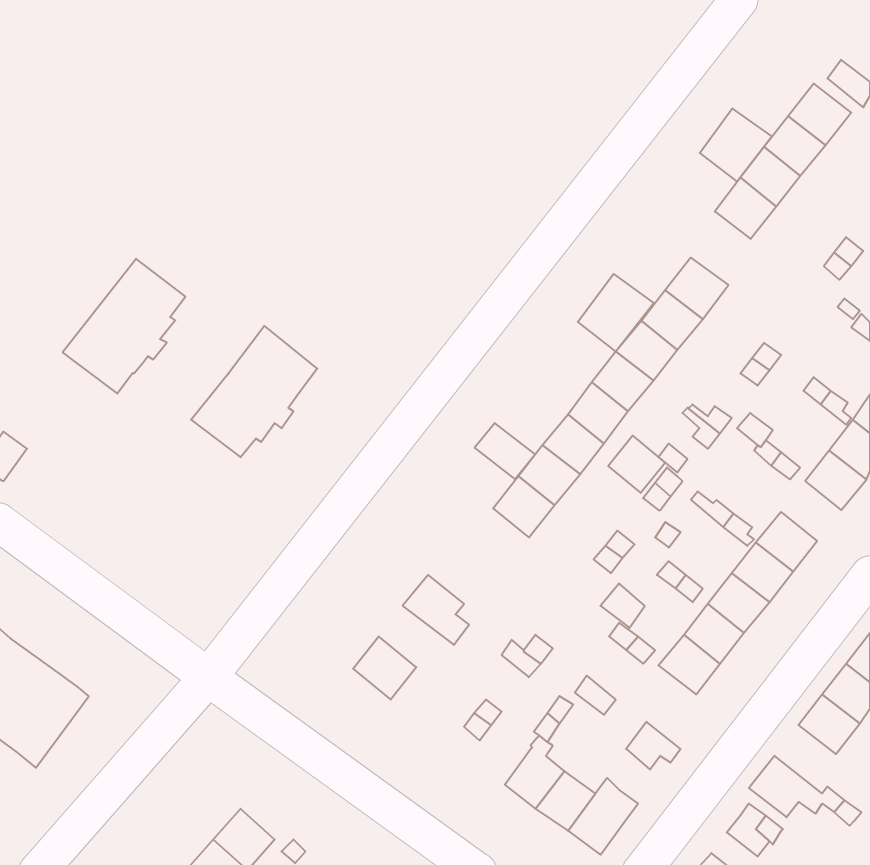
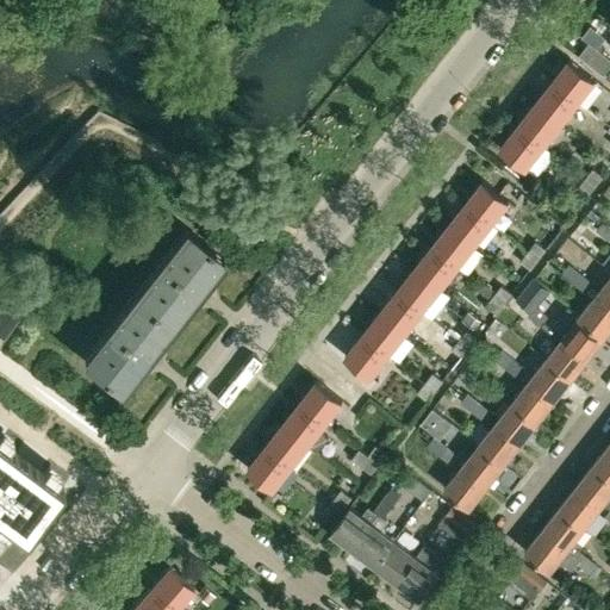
building: [700,108,772,181] -> none
building: [63,259,185,394] -> [82,298,168,392]
building: [578,274,654,351] -> none
building: [475,423,535,479] -> none
building: [608,436,665,493] -> none
building: none -> [546,341,587,382]
building: none -> [299,384,342,427]
building: none -> [264,428,317,471]
building: none -> [443,469,486,512]
building: none -> [330,510,372,553]
building: none -> [541,511,584,559]

